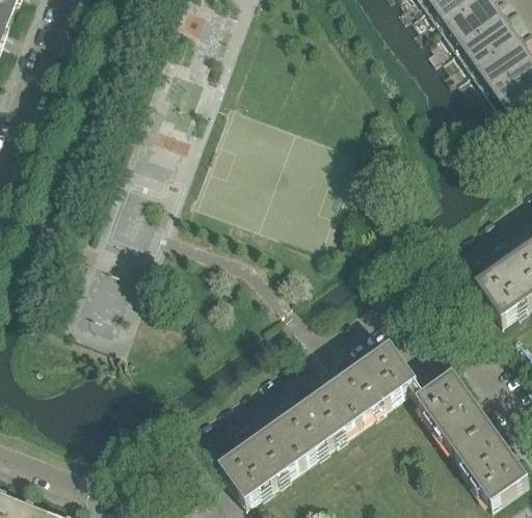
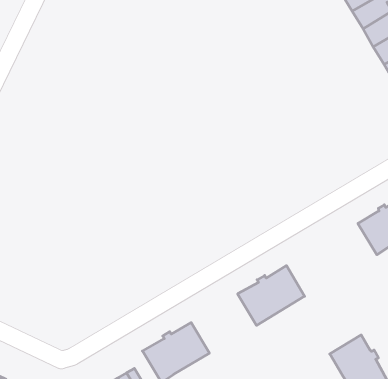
building: [414,369,488,448] -> none
building: [274,383,356,460] -> none

